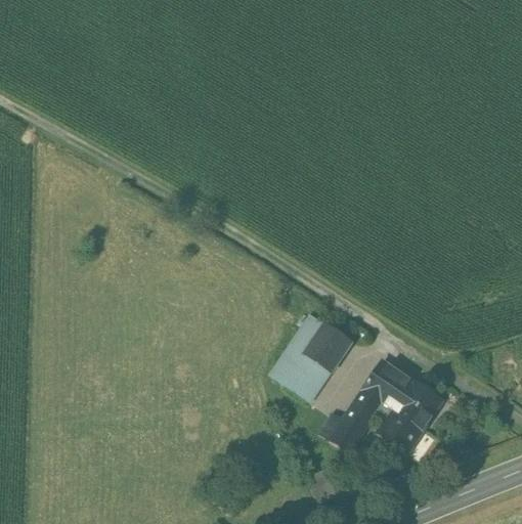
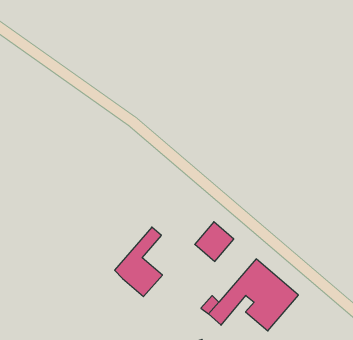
building: [272,311,333,399] -> [115,227,162,297]

